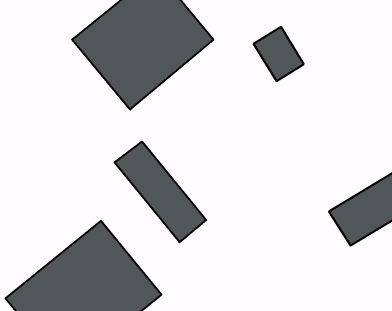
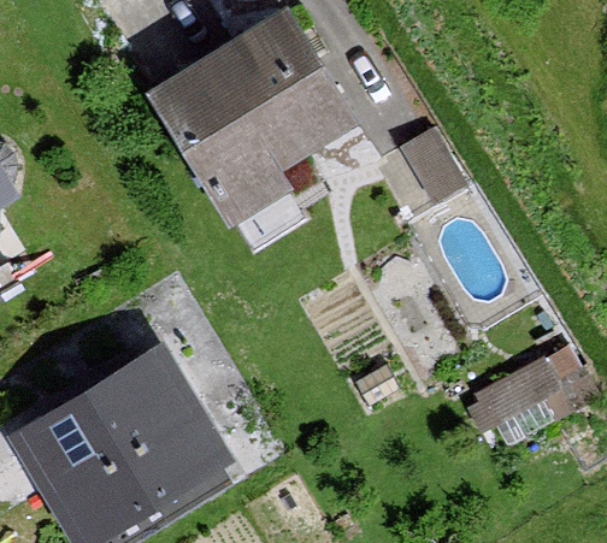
building: [115,142,206,242] -> none

